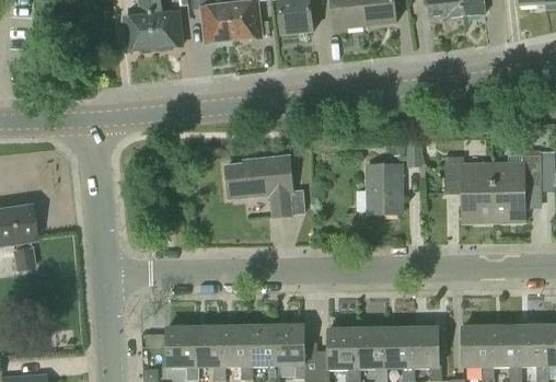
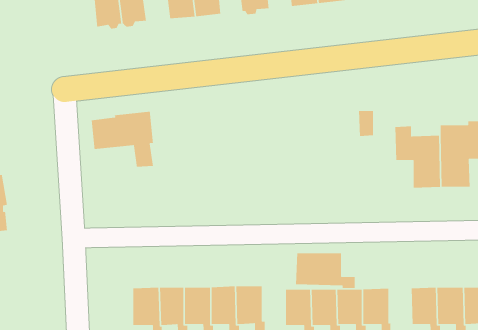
building: [225,157,292,217] -> [91,111,154,167]
building: [367,163,402,215] -> none
building: none -> [295,252,355,289]

